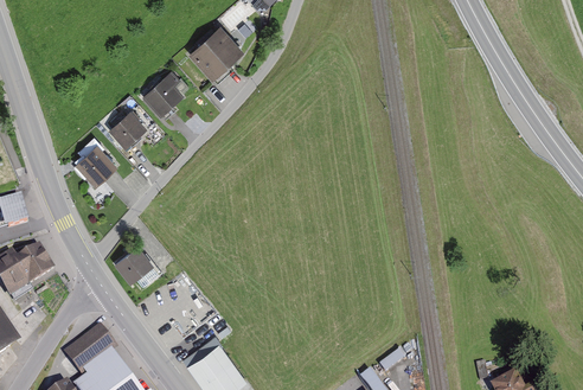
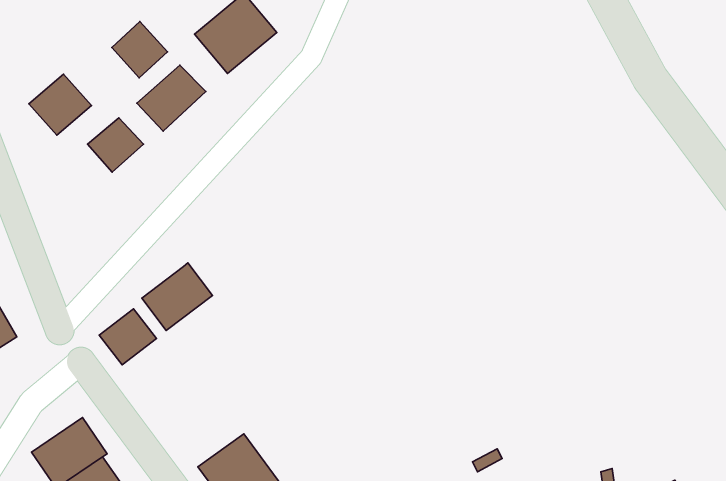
building: none -> [112,21,167,78]
building: [71,138,116,181] -> [29,74,91,135]
building: none -> [142,263,212,331]

